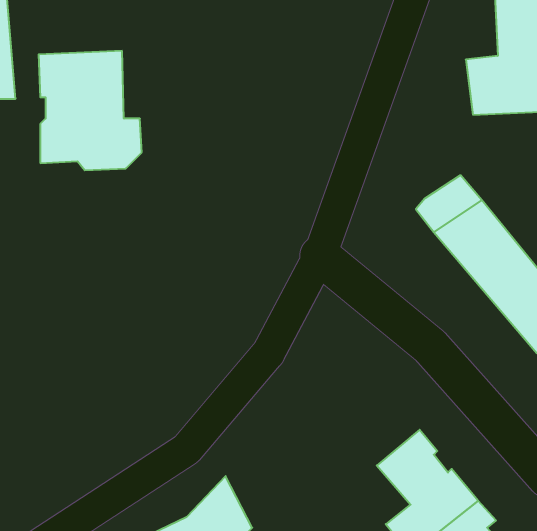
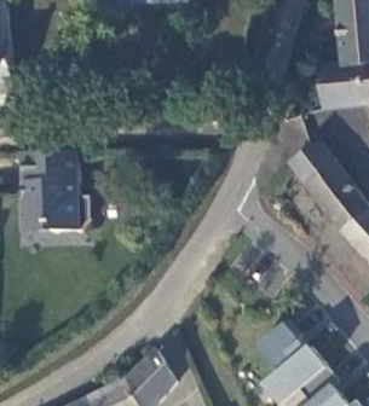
building: [39,51,142,170] -> [18,150,88,231]

